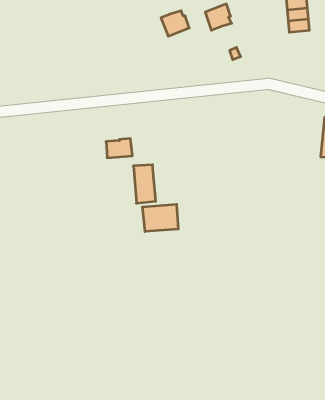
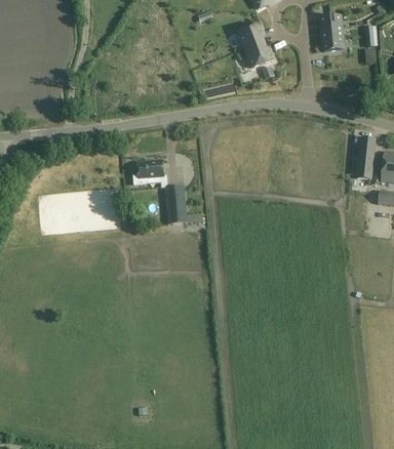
building: [161,11,189,36] -> [243,41,272,67]
building: [143,204,178,232] -> none

